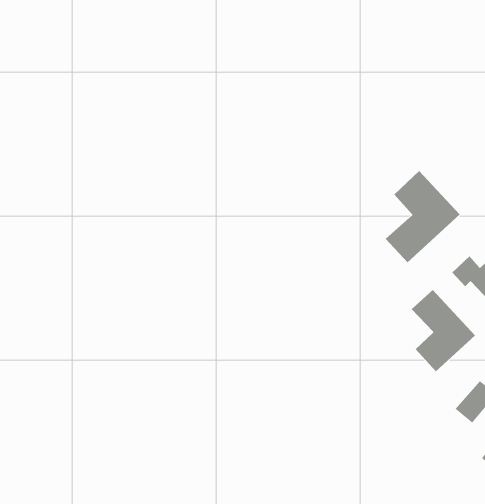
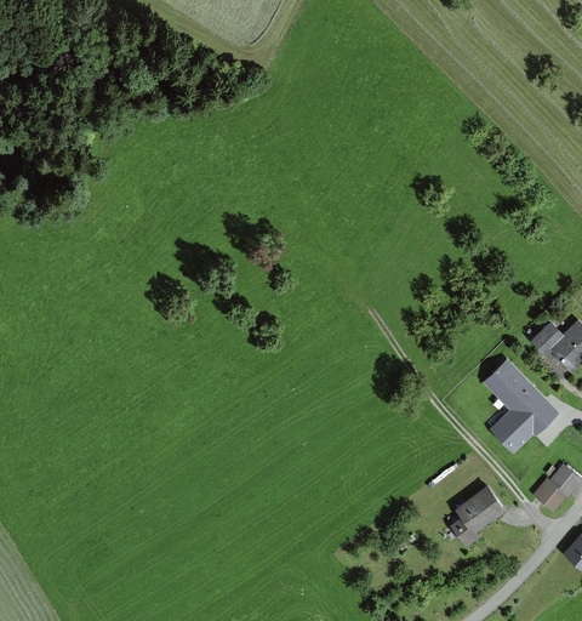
building: [385,170,461,263] -> none
building: none -> [451,488,503,548]

